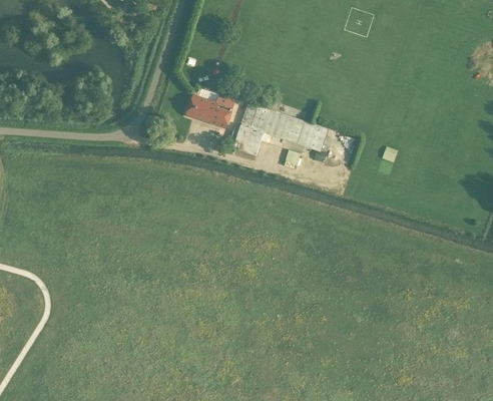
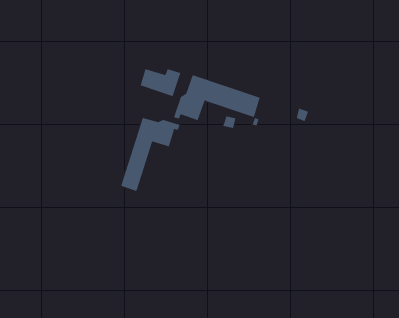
building: none -> [121,117,180,192]

